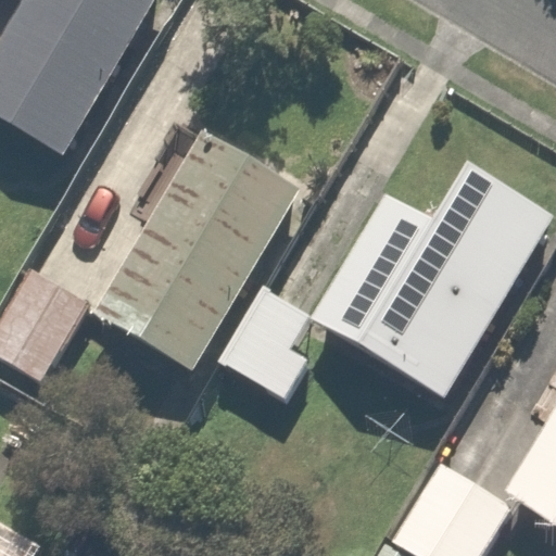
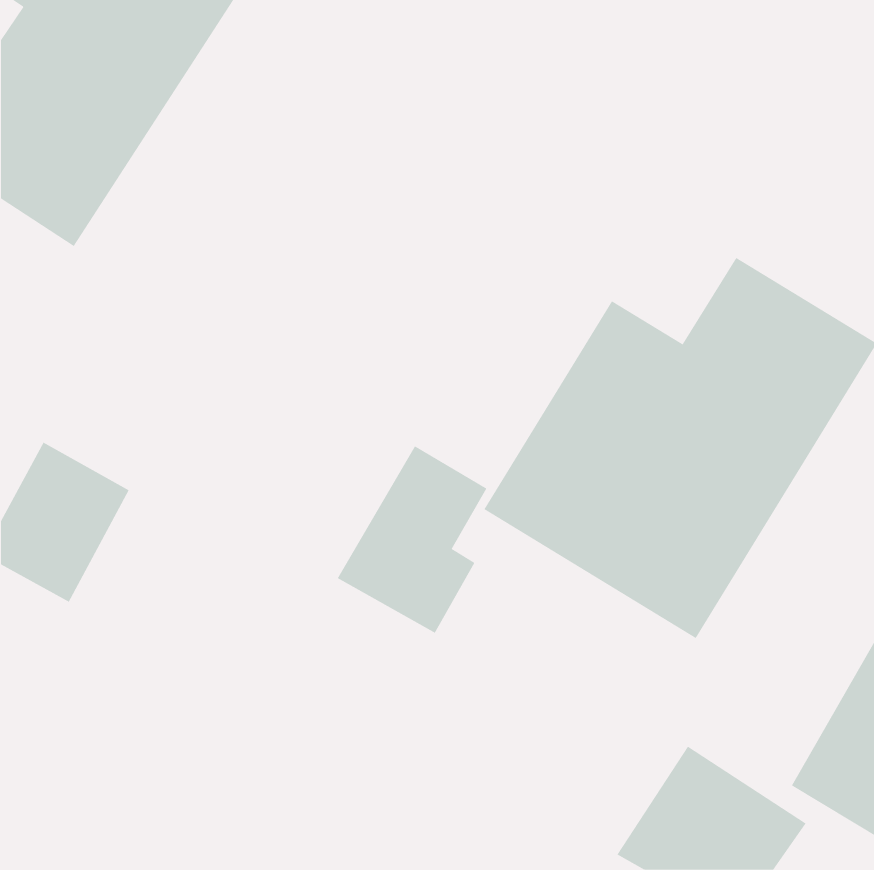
building: [97,129,295,370] -> none

